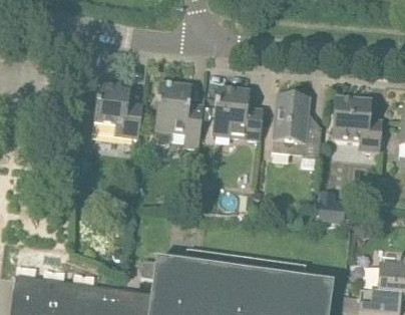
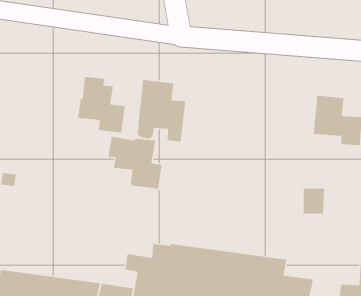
building: [215,90,263,140] -> none
building: [272,95,322,161] -> none
building: none -> [107,136,162,189]

